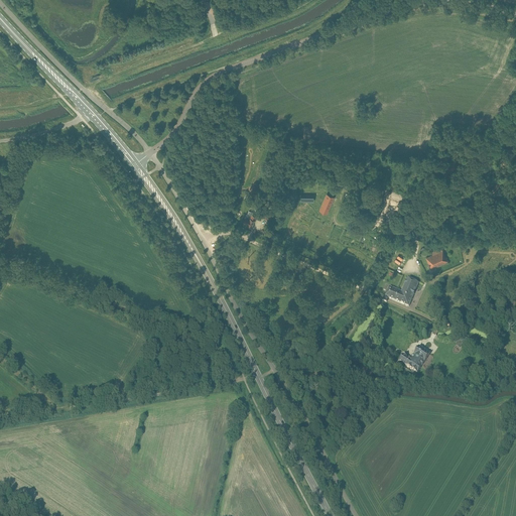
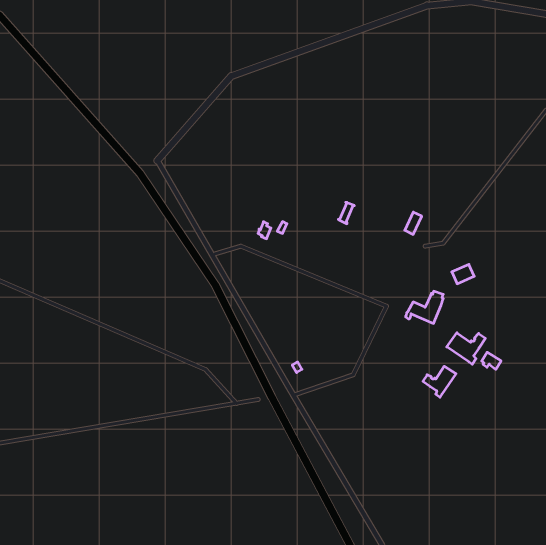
building: none -> [447,333,485,364]

